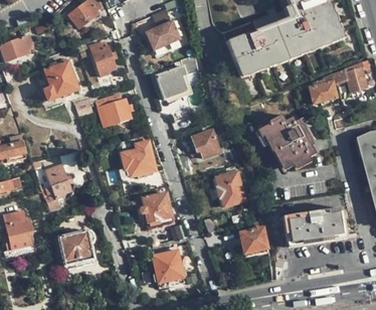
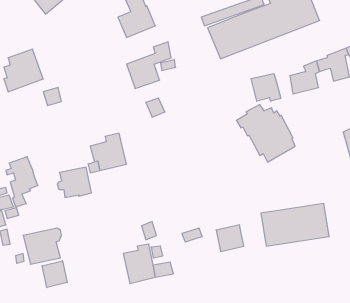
building: [90,41,117,75] -> none
building: none -> [251,74,281,101]
building: [97,93,133,126] -> none
building: [192,130,220,158] -> none
building: [216,171,245,205] -> none
building: [140,192,172,220] -> [57,167,91,197]
building: none -> [42,261,67,288]

